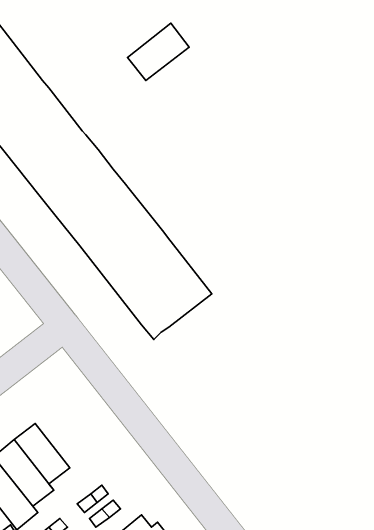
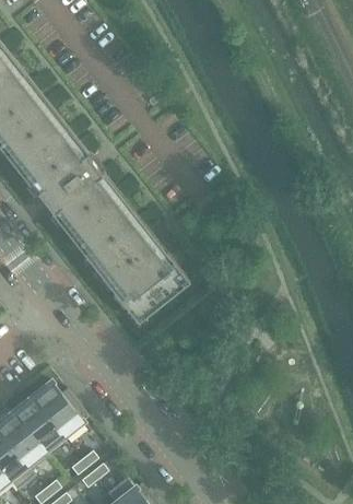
building: [127,23,189,81] -> none
building: none -> [32,382,86,435]

